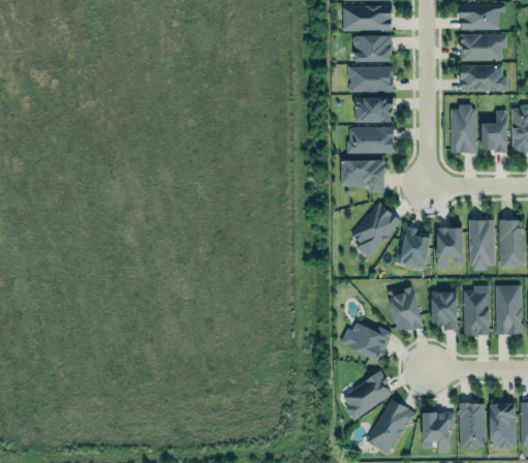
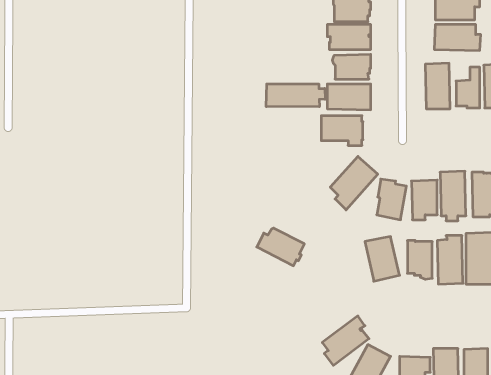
building: none -> [266,84,325,107]
building: [341,322,391,362] -> [257,228,304,266]

